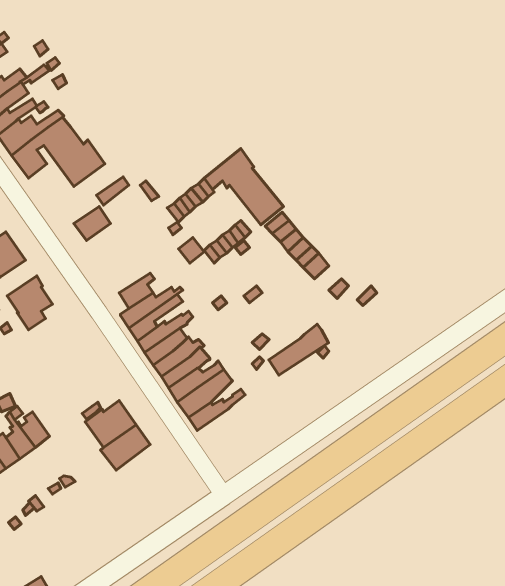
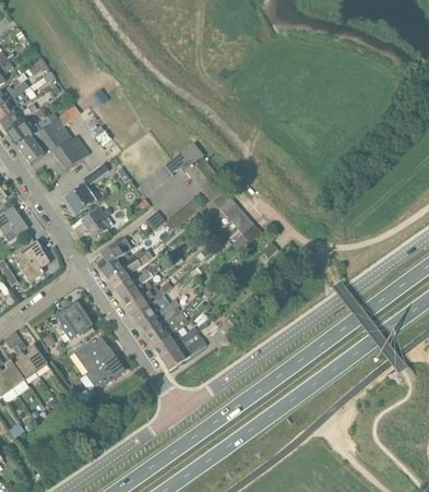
building: none -> [81,209,108,239]
building: [269,324,329,375] -> [159,332,205,371]
building: none -> [56,302,91,337]

